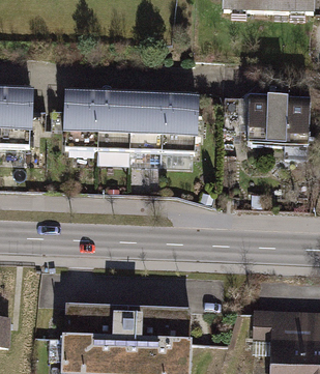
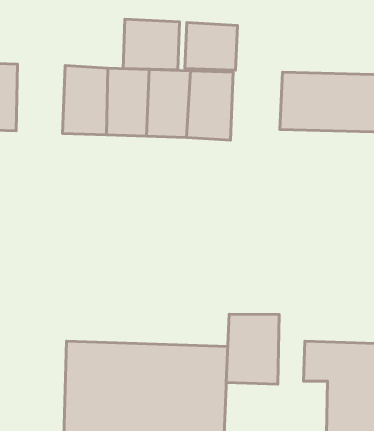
building: none -> [123,19,179,70]
building: none -> [185,23,237,70]
building: none -> [226,314,279,384]

